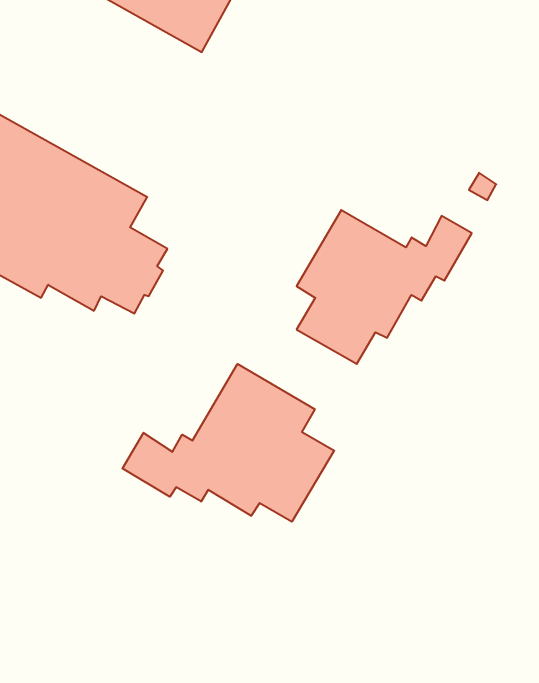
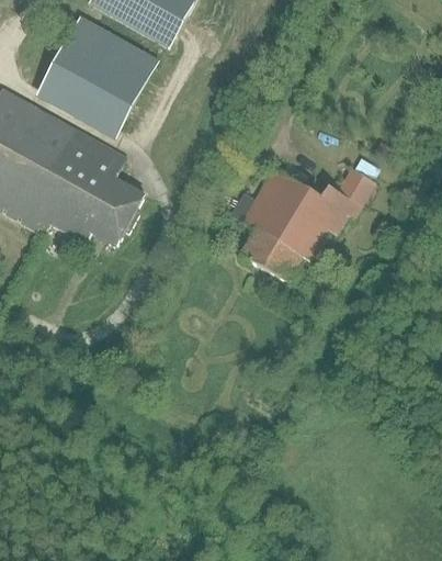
building: none -> [36,15,157,136]
building: [122,364,334,522] -> none

